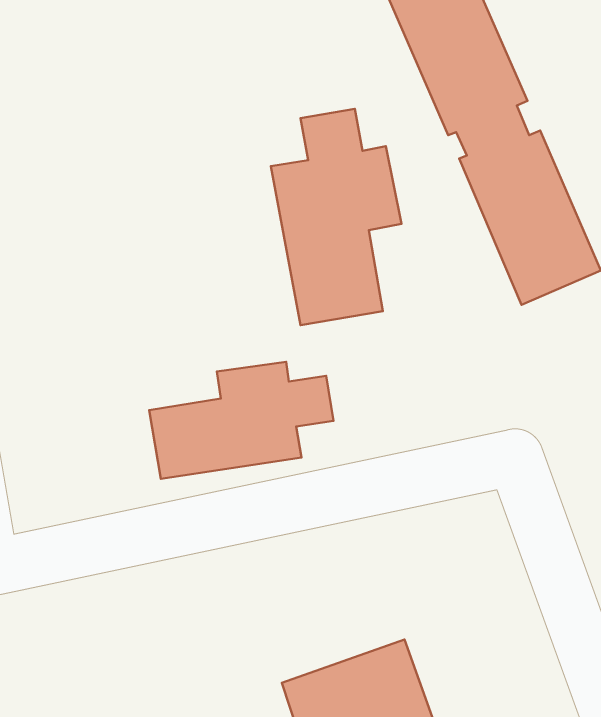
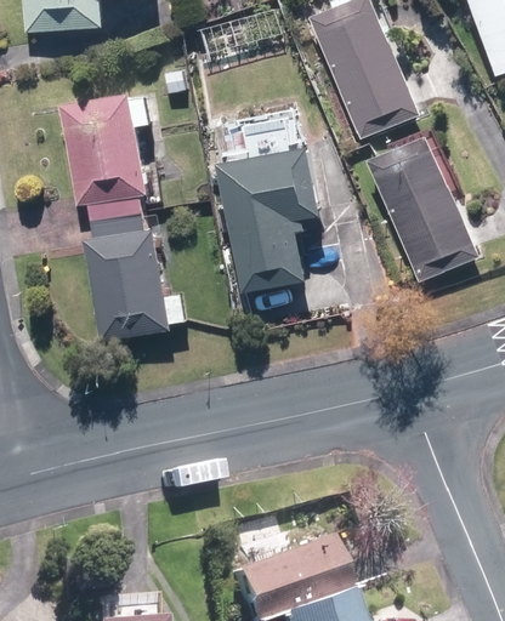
building: none -> [62,97,170,342]
building: [149,362,334,479] -> none

